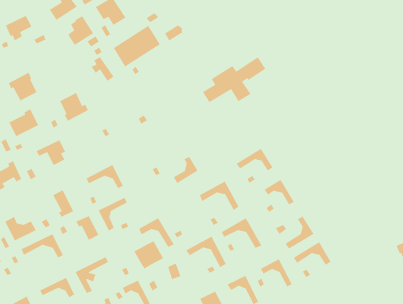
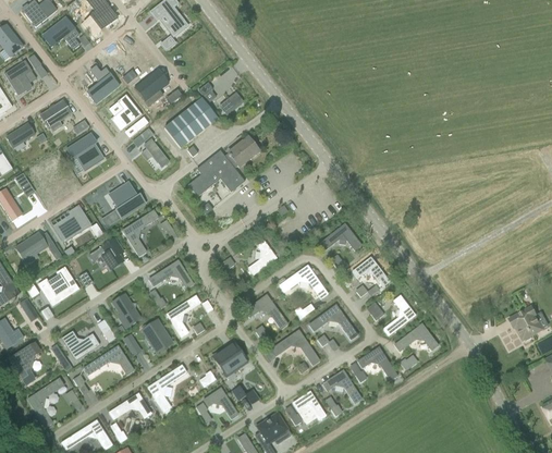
building: [202,57,267,103] -> [187,137,258,196]
building: [8,72,37,101] -> [68,134,102,169]
building: none -> [122,209,158,255]
building: [138,217,175,248] -> [244,294,287,328]

